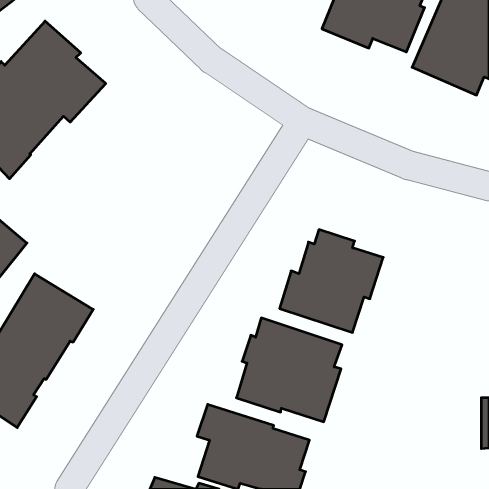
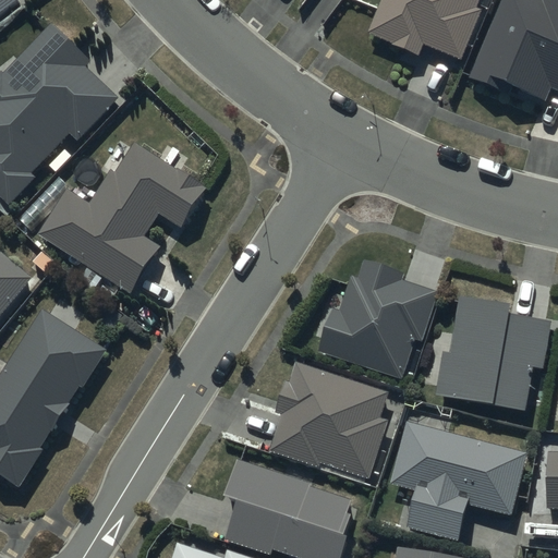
building: none -> [37,143,204,291]
building: none -> [437,296,548,408]
building: none -> [389,421,526,539]

